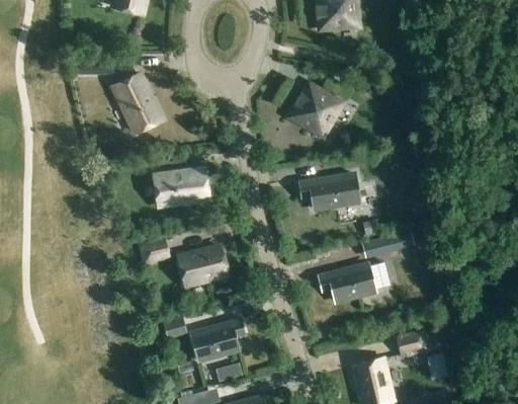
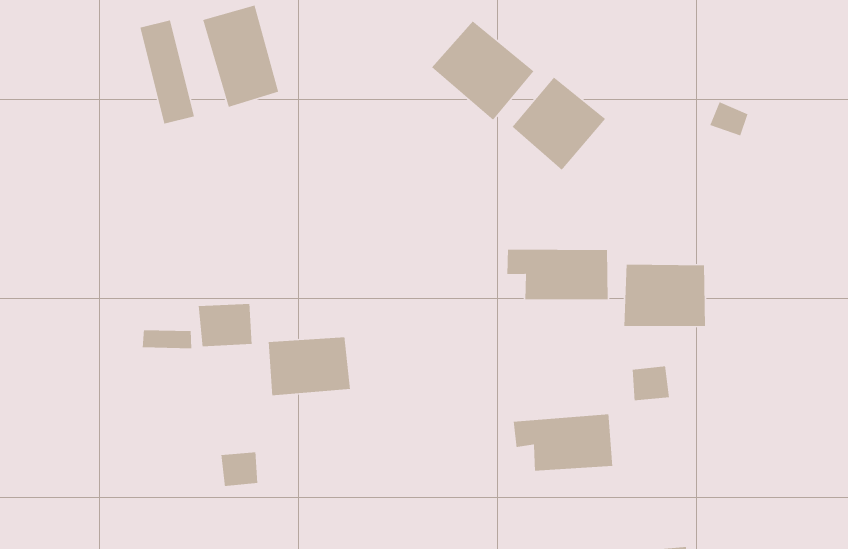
building: none -> [431,21,534,121]
building: [154,168,208,205] -> none
building: none -> [623,264,706,327]
building: [189,319,244,360] -> none

